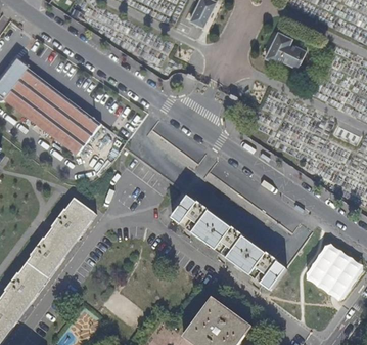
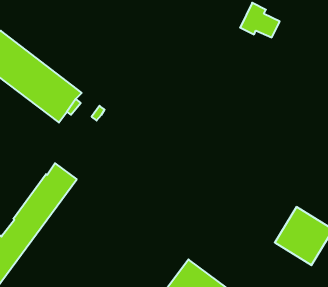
building: [167,198,279,292] -> none

